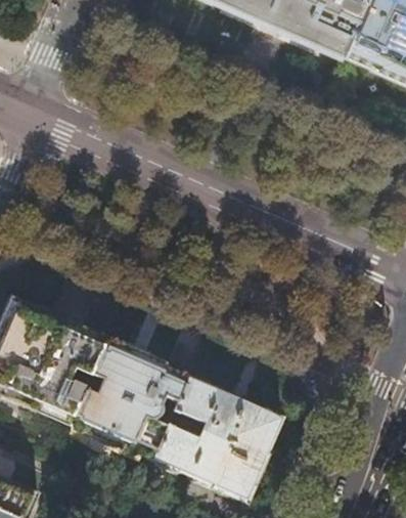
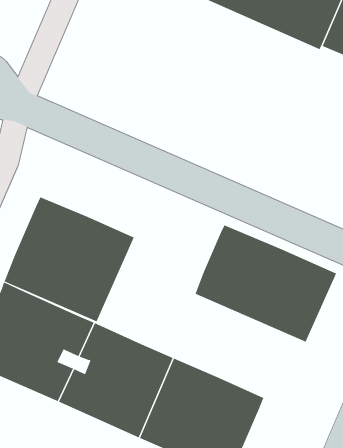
building: none -> [4,196,135,322]
building: none -> [195,225,337,343]

